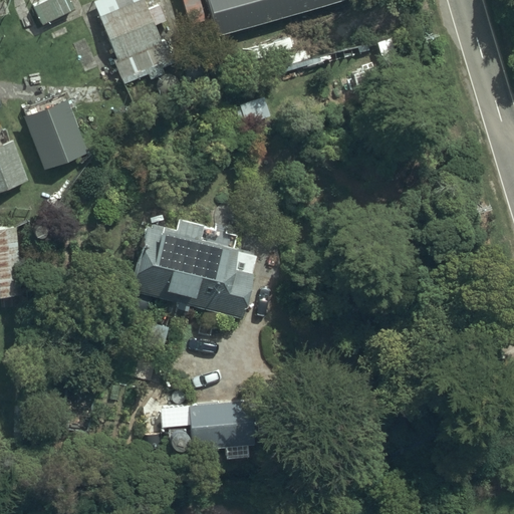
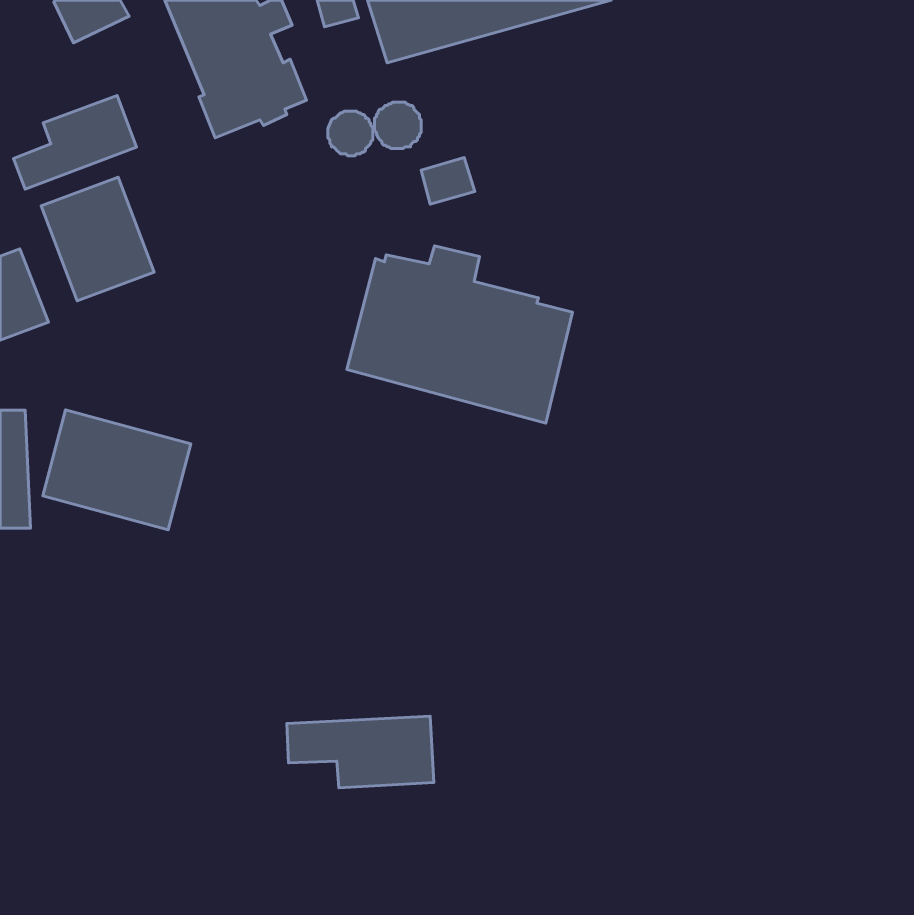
building: none -> [13,95,137,189]
building: [130,219,256,318] -> [347,246,573,423]
building: none -> [43,410,191,530]

